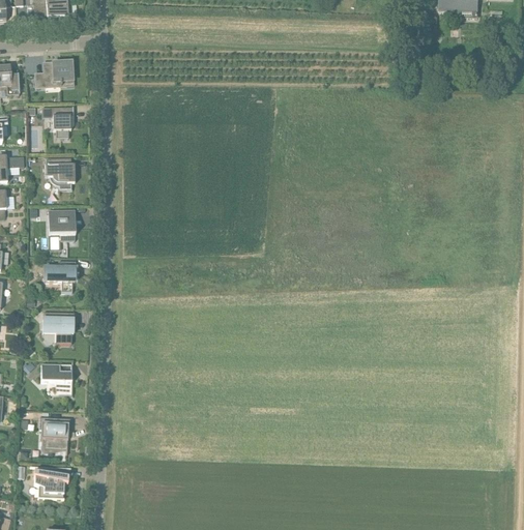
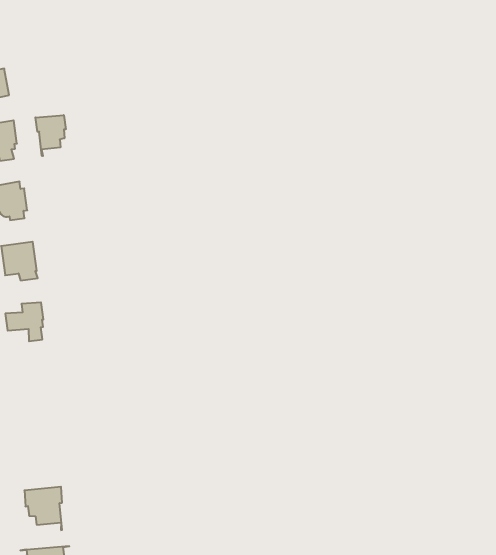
building: none -> [35,115,66,156]
building: [41,312,74,344] -> none
building: [40,363,71,394] -> none

